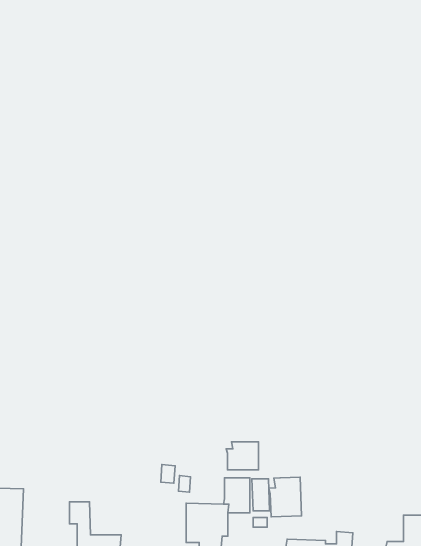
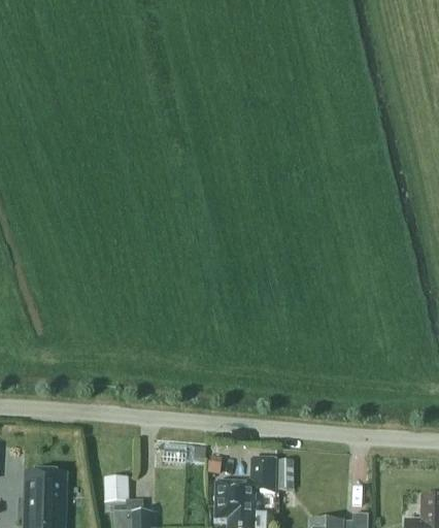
building: [226,442,258,470] -> none
building: [269,477,302,517] -> none

